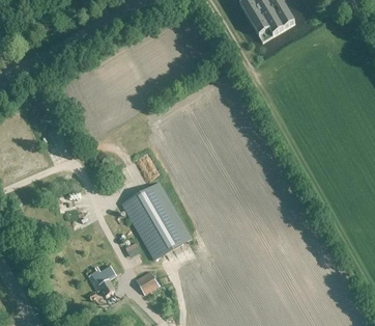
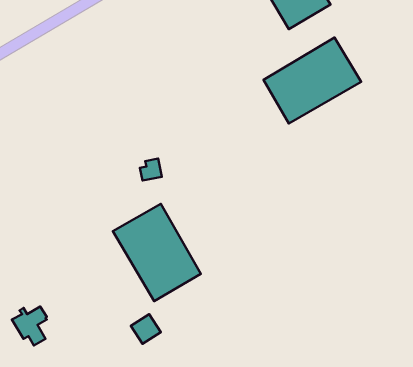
building: none -> [264,38,361,123]
building: [88,264,116,295] -> [12,307,47,345]

